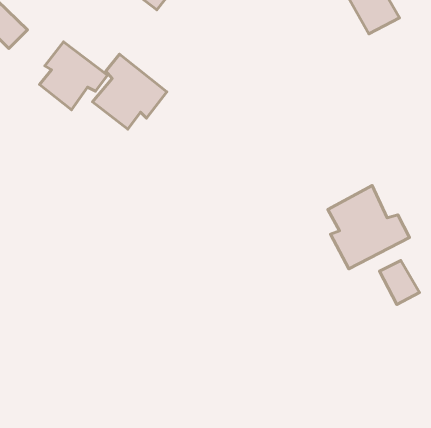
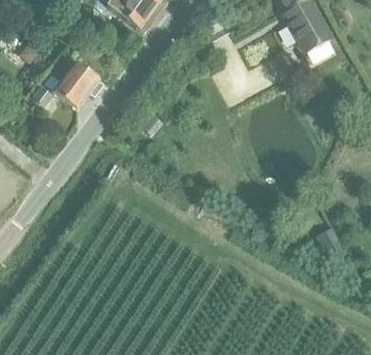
building: [92,54,167,129] -> none
building: [328,186,410,269] -> none

